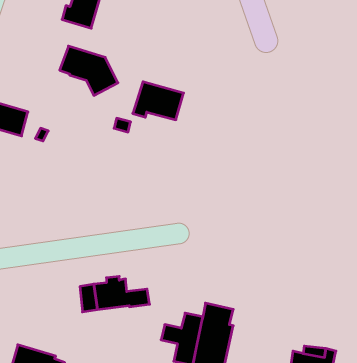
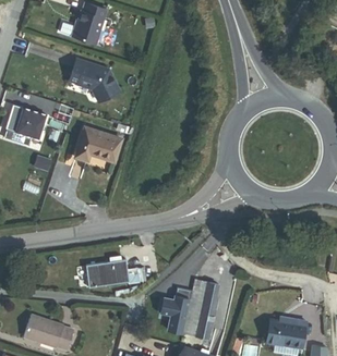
building: [133,82,184,120] -> [72,125,116,158]

